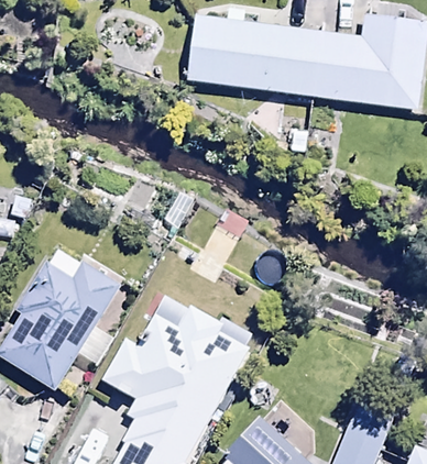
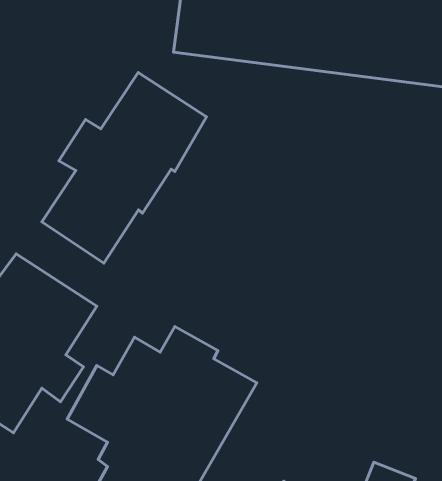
building: none -> [42,72,206,263]

